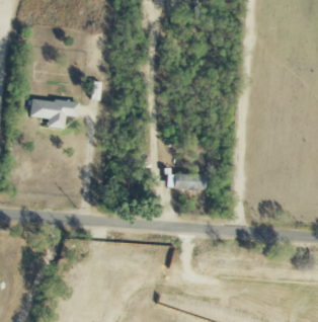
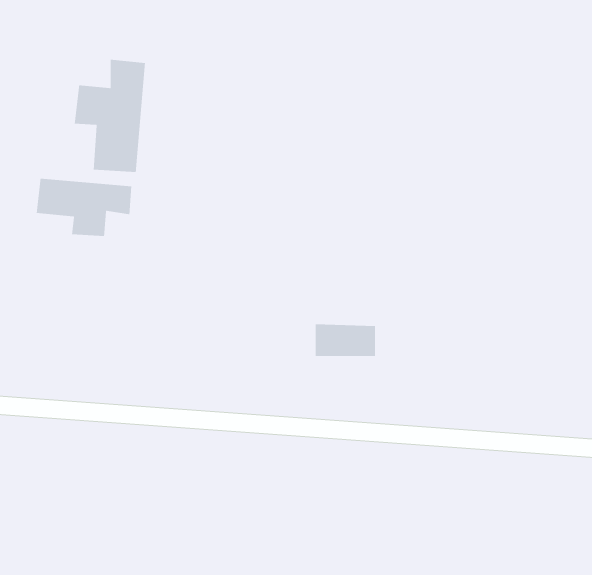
building: none -> [74,59,146,173]

